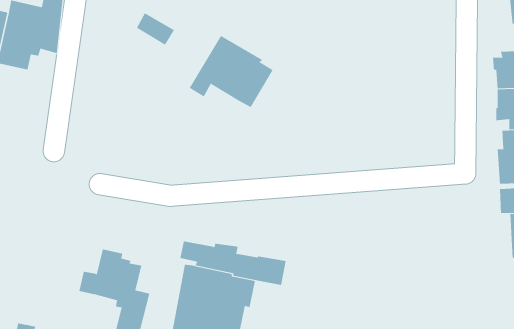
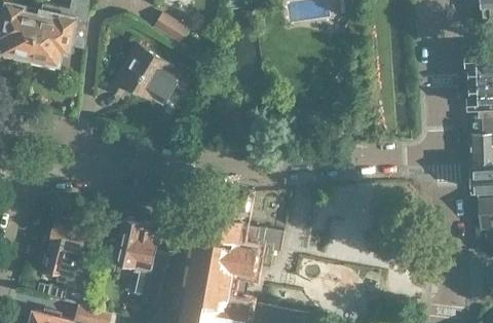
building: [189,35,273,108] -> [109,43,183,107]
building: none -> [44,223,90,282]

